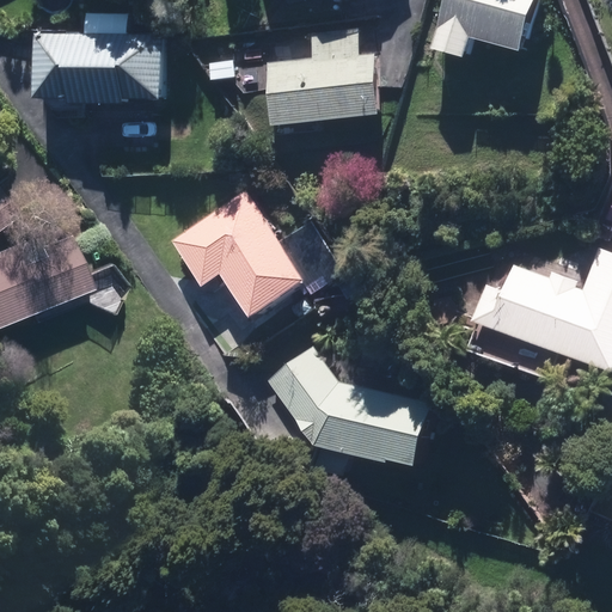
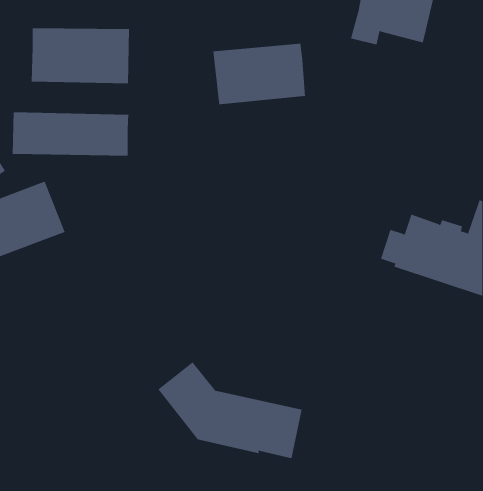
building: none -> [12,111,129,156]
building: [171,189,316,319] -> none
building: [263,344,443,465] -> [157,362,303,459]

